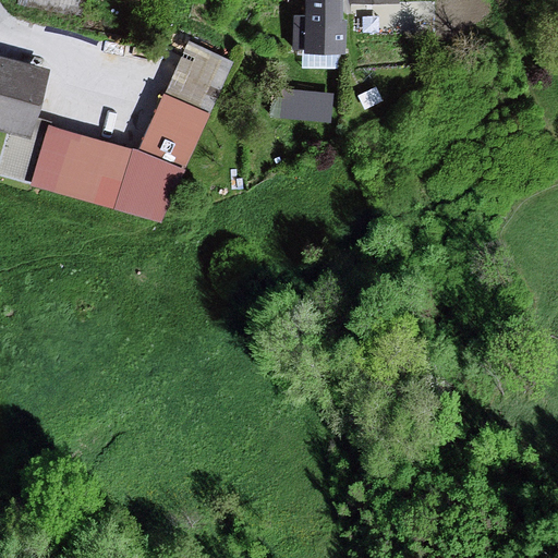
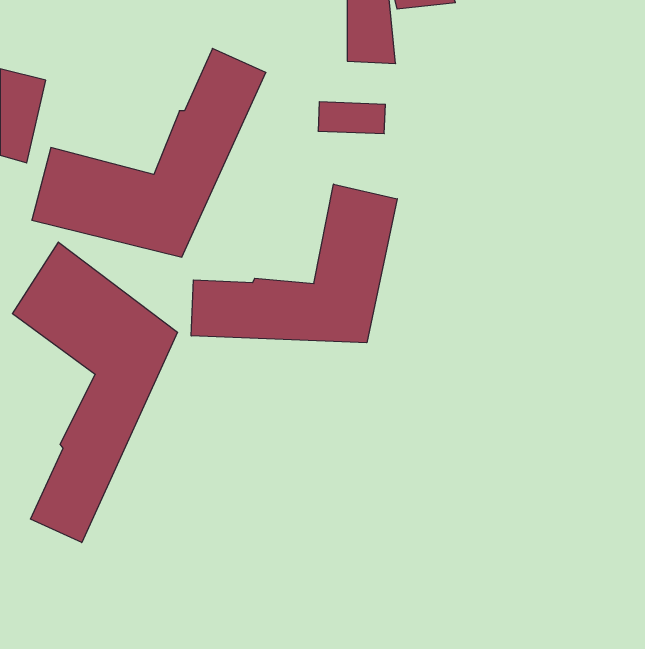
building: none -> [191,184,397,343]
building: none -> [12,242,177,543]

